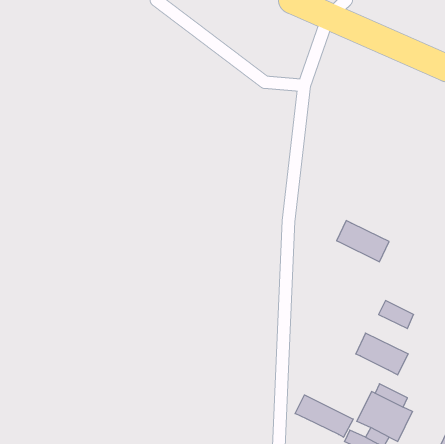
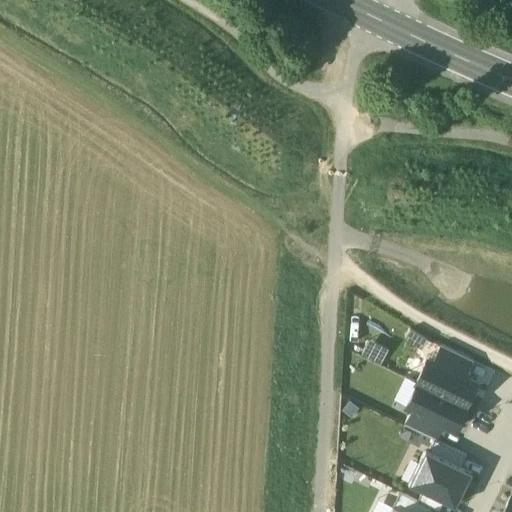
building: [337,221,389,262] -> [418,360,478,407]
building: none -> [406,410,446,442]
building: [295,395,353,437] -> none

